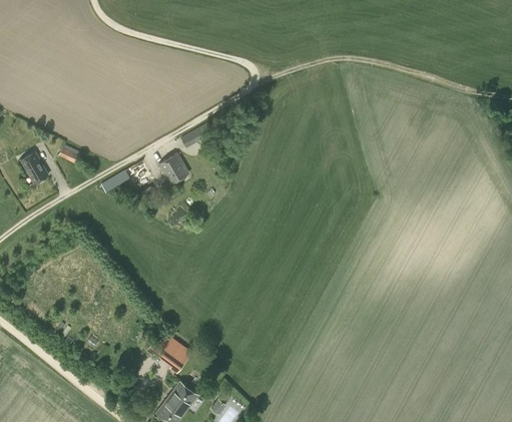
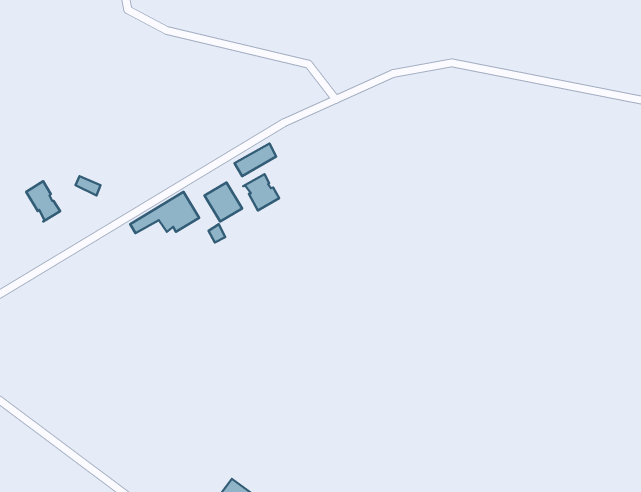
building: none -> [243,174,279,210]
building: [146,334,190,372] -> none

